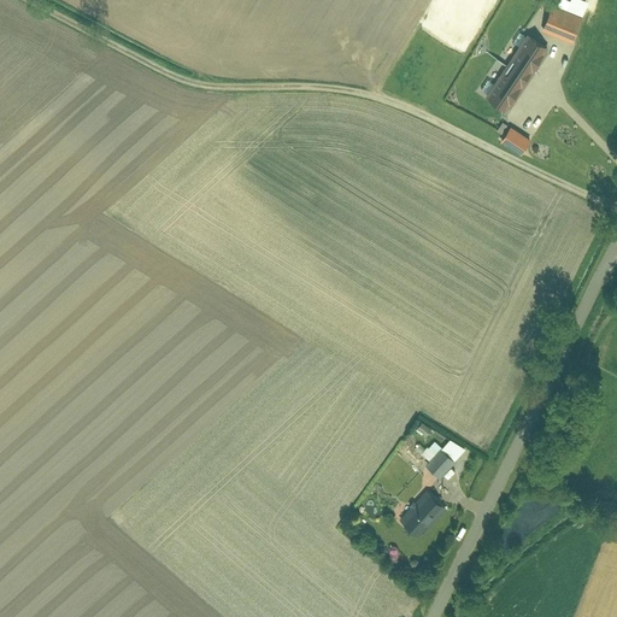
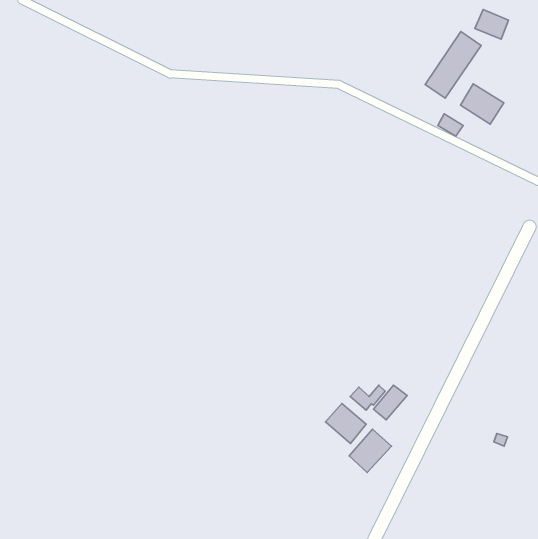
building: none -> [461,84,504,124]
building: none -> [326,403,366,443]

